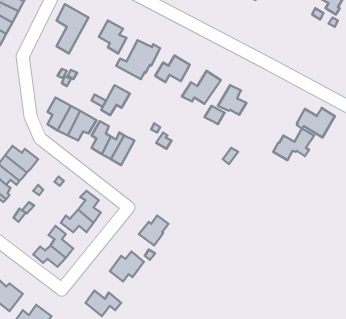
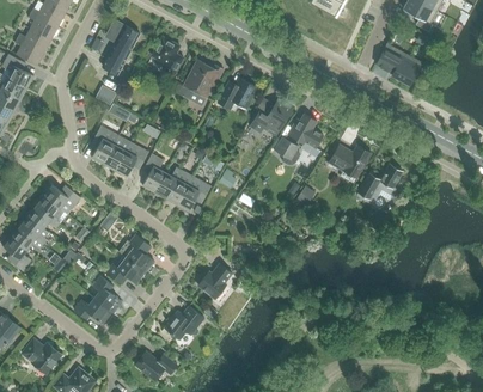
building: none -> [375,45,418,84]
building: [101,85,130,115] -> [177,177,210,212]
building: [297,108,335,138] -> [328,143,372,178]

